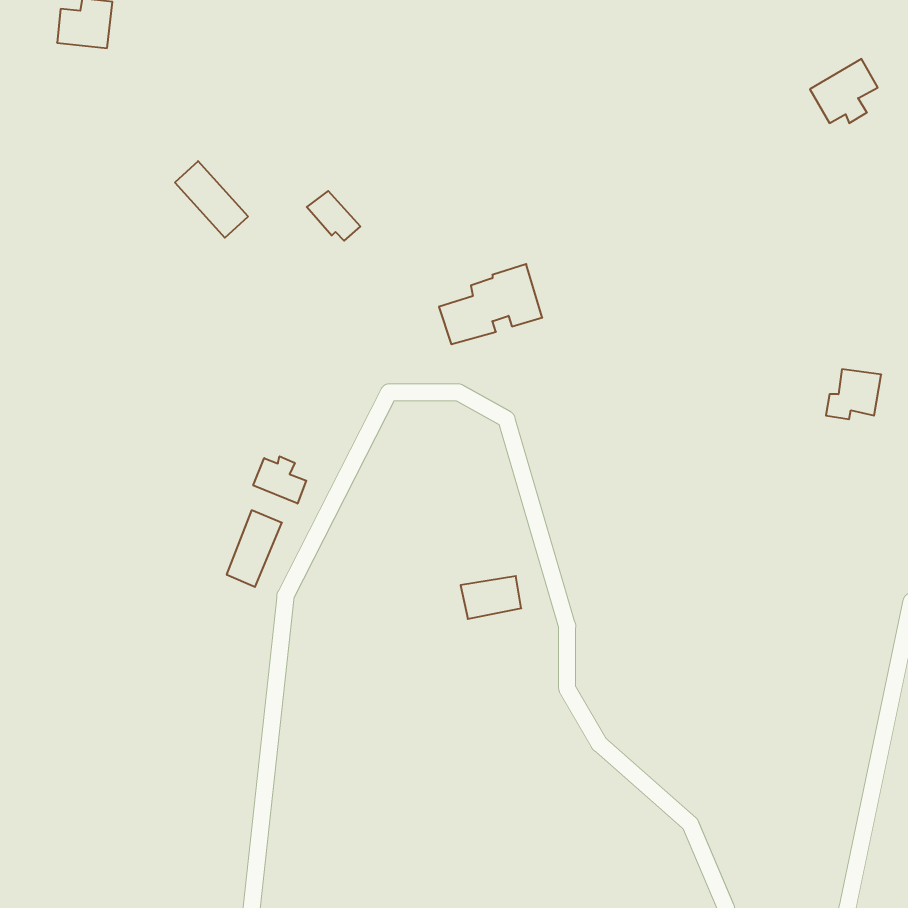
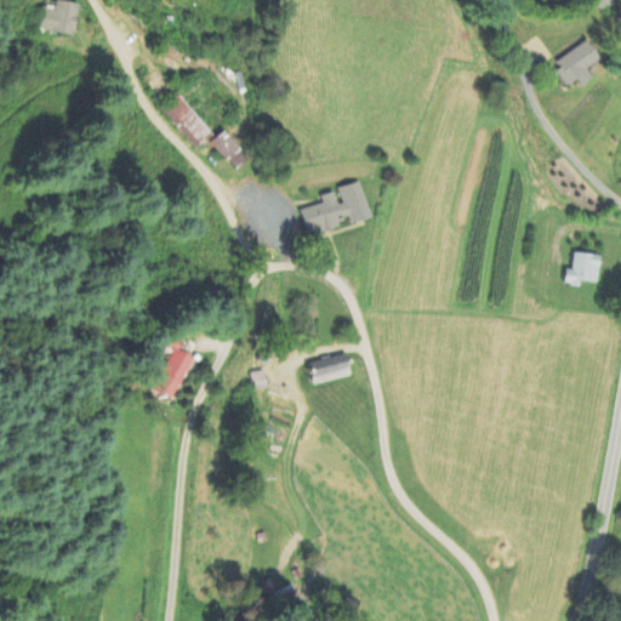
building: [175,161,248,238] -> [164,95,213,147]
building: [253,456,306,504] -> none
building: [461,576,521,619] -> [308,354,349,383]

